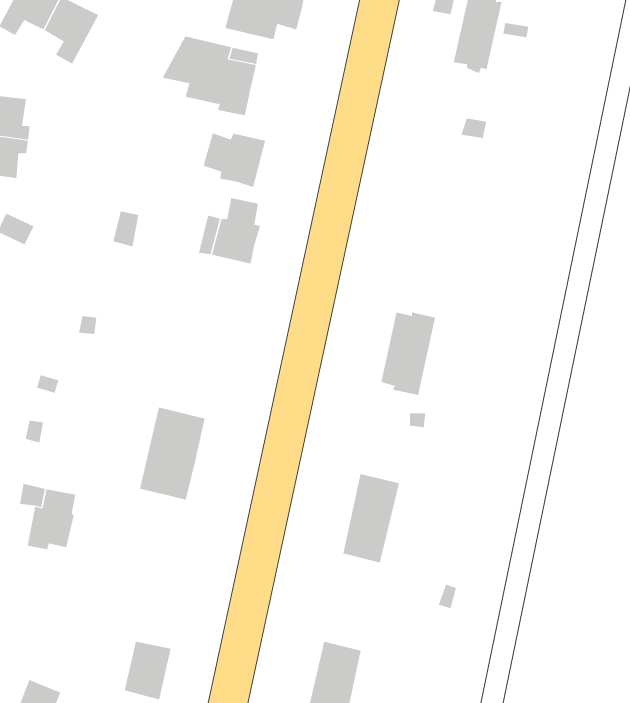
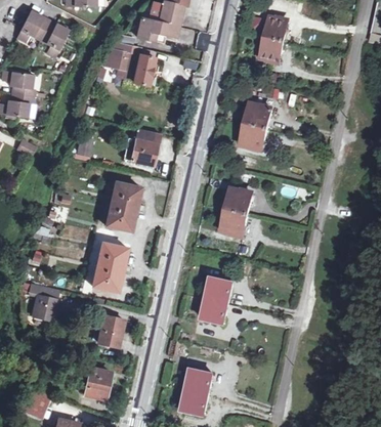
building: [203,133,266,188] -> none
building: none -> [242,104,271,151]
building: none -> [105,182,141,231]
building: none -> [97,314,124,347]

